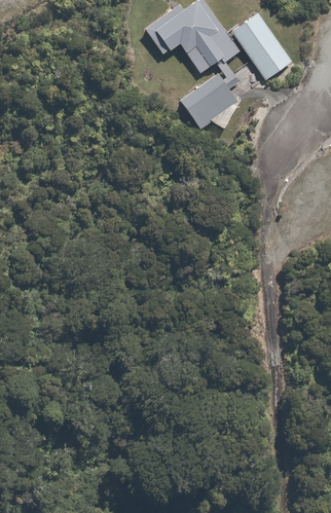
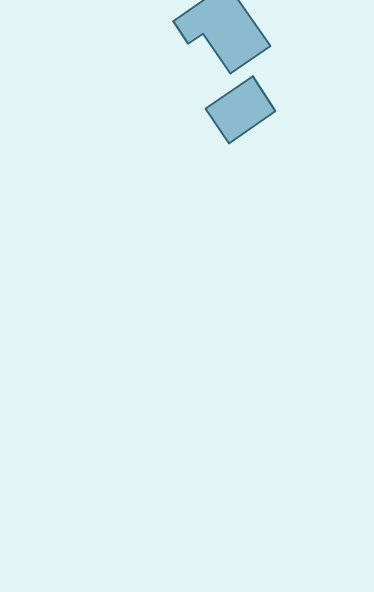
building: [232,14,290,79] -> none

